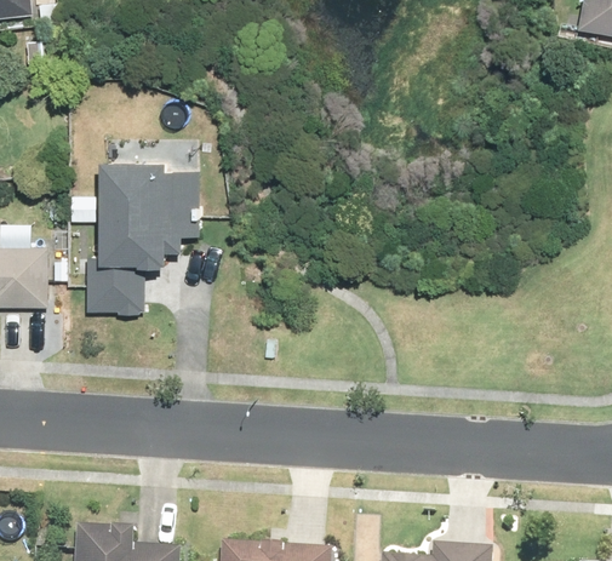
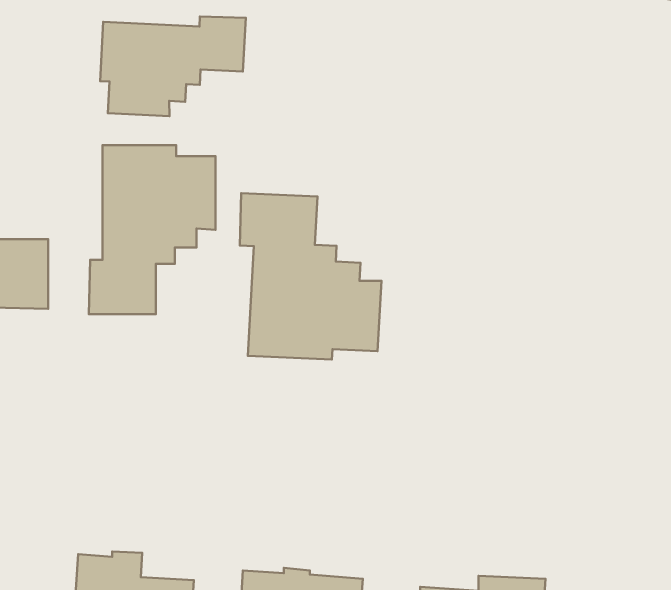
building: none -> [100,17,246,116]
building: none -> [240,193,381,360]

